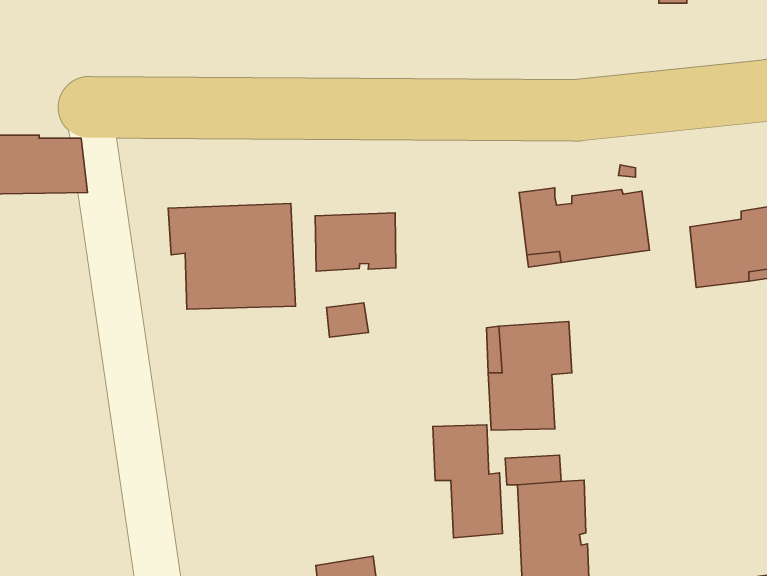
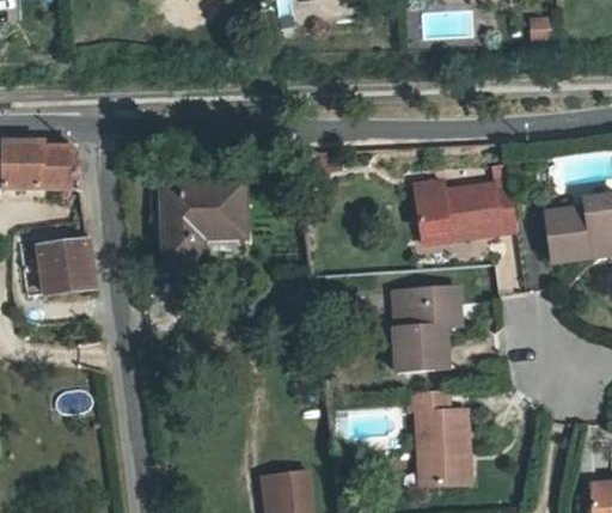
building: [315,213,396,271] -> none
building: none -> [39,238,96,292]
building: [433,425,502,538] -> none

